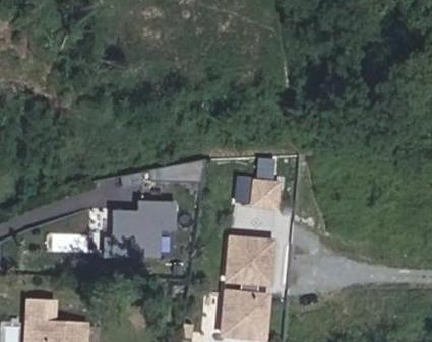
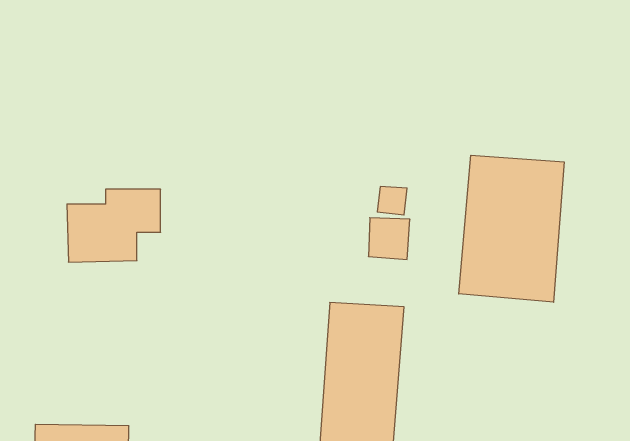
building: none -> [459,155,564,302]
building: [112,201,176,251] -> [67,189,161,262]

